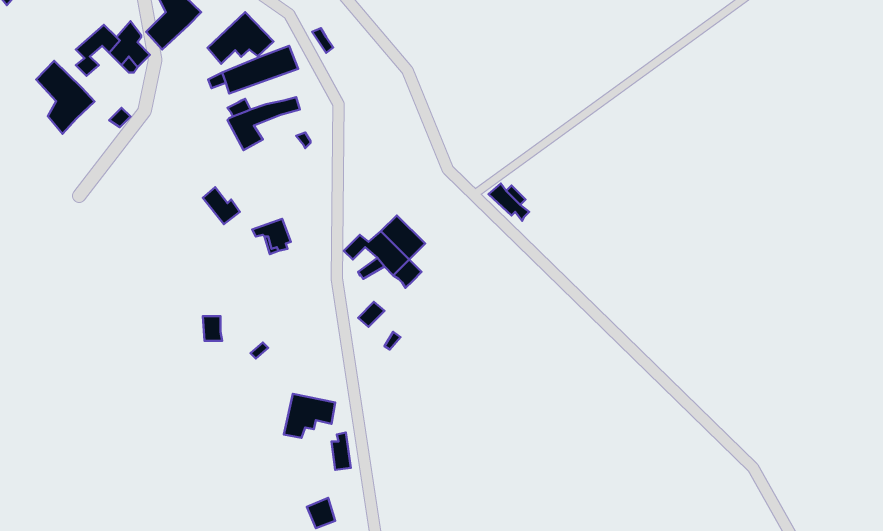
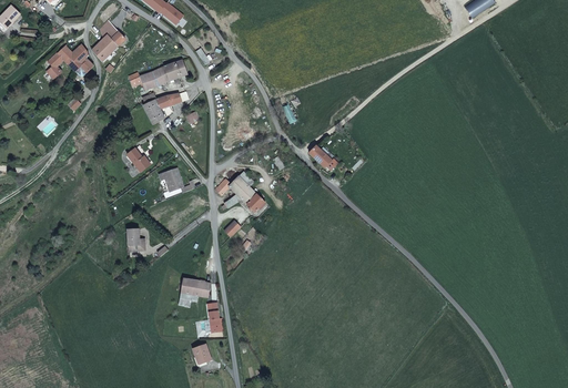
building: [207,12,274,64] -> none
building: [36,61,95,134] -> none

